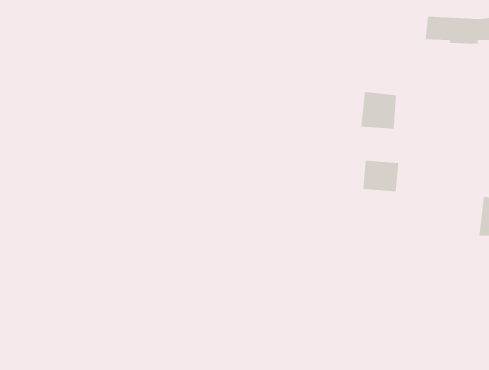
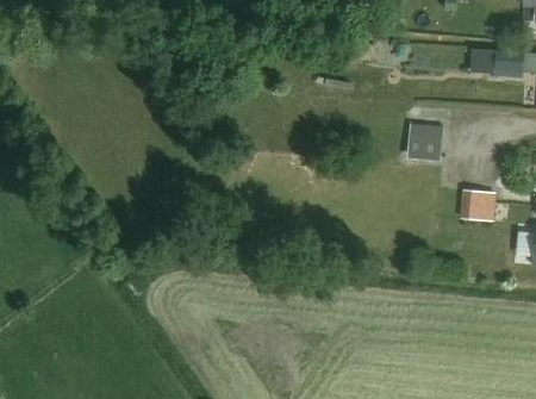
building: [363,160,399,192] -> [460,191,496,222]

